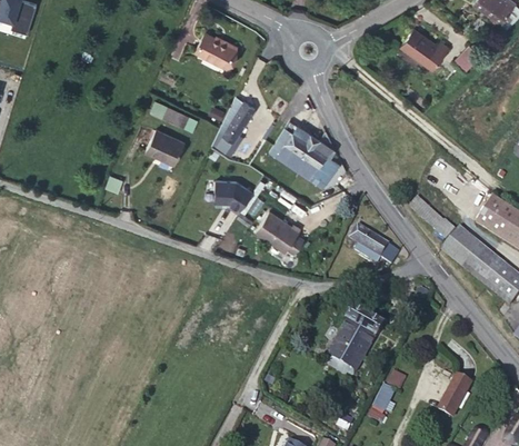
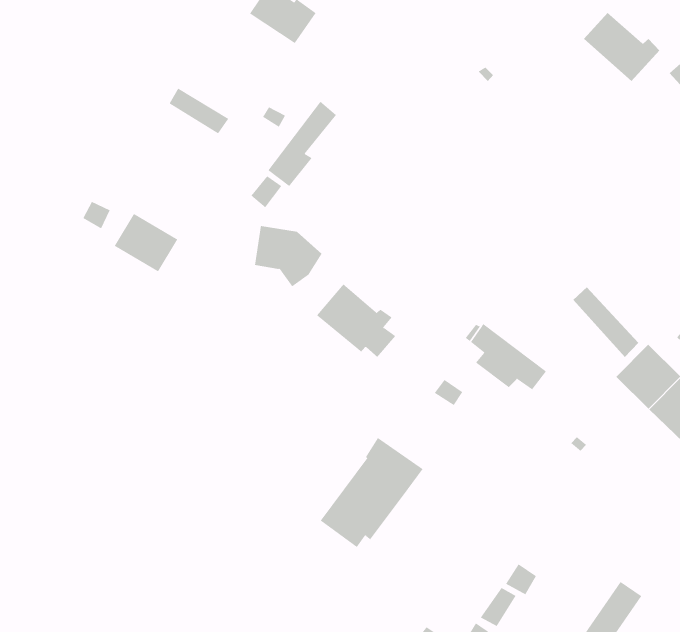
building: [269,118,340,182] -> none
building: [146,128,184,162] -> [114,213,178,272]
building: [323,306,383,375] -> [320,437,423,548]

